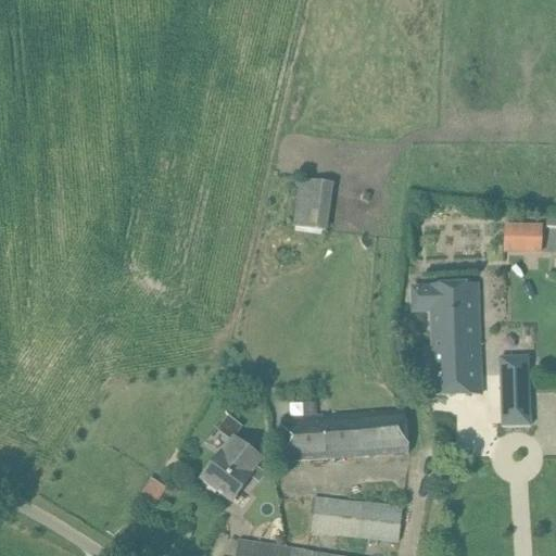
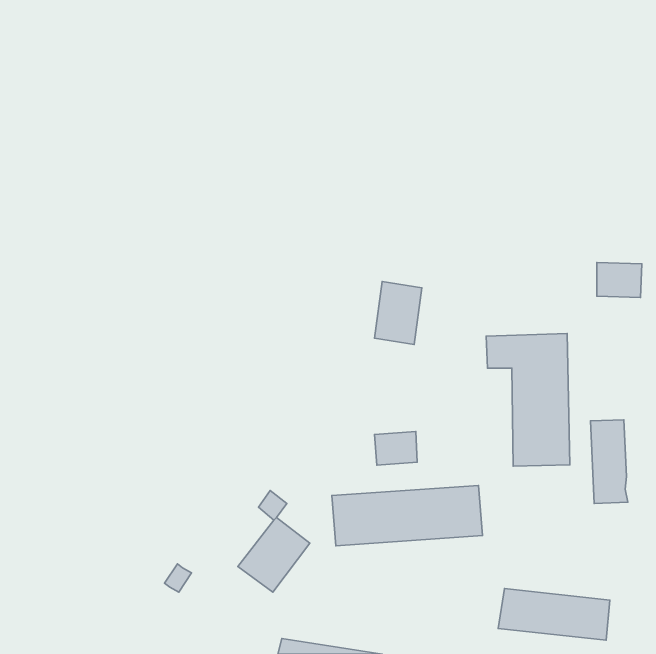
building: [293,176,333,229] -> [374,281,422,344]
building: none -> [374,431,417,465]
building: [308,496,403,540] -> [498,589,610,640]

